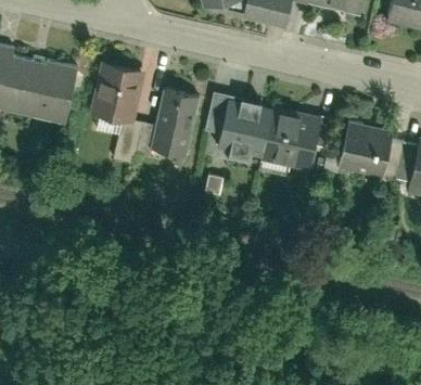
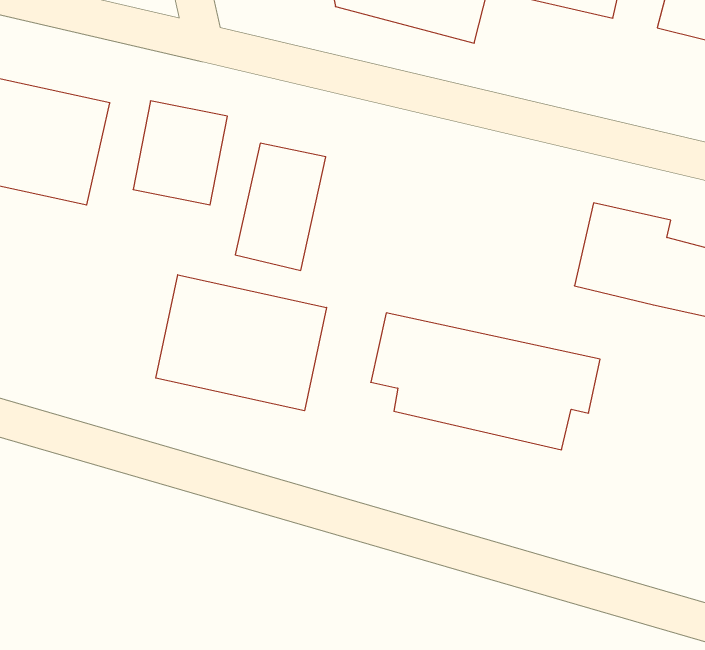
building: [205,92,334,169] -> [371,313,600,450]
building: none -> [156,275,327,411]

